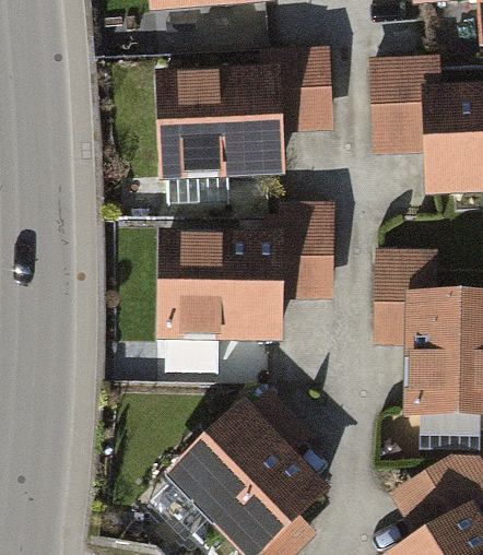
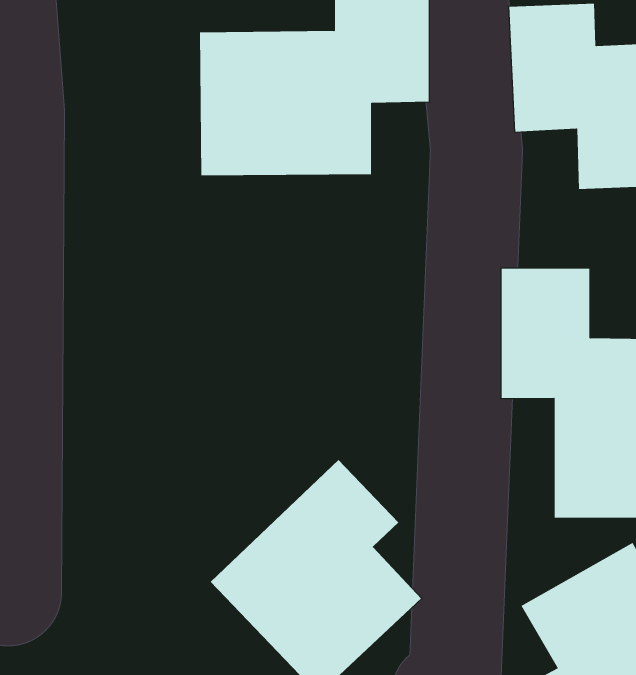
building: [160,215,328,343] -> none

